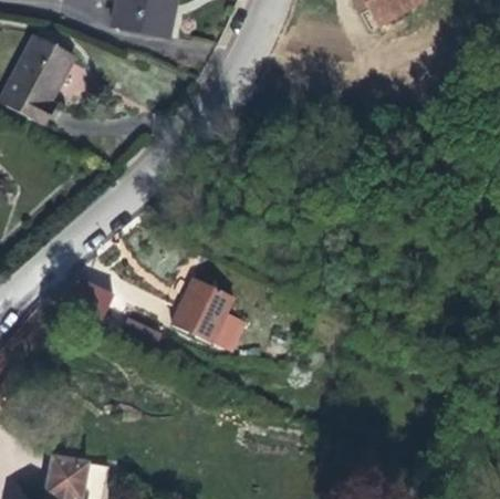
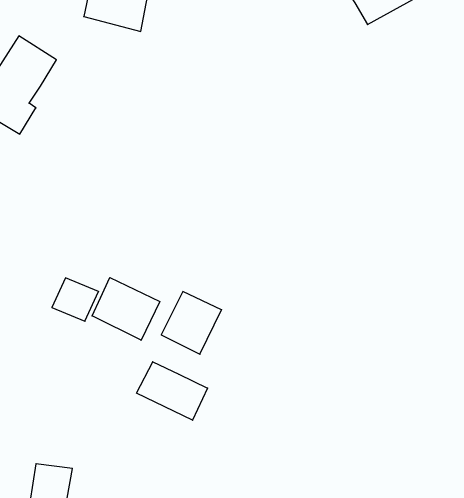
building: none -> [92,278,160,340]
building: none -> [137,362,208,420]

